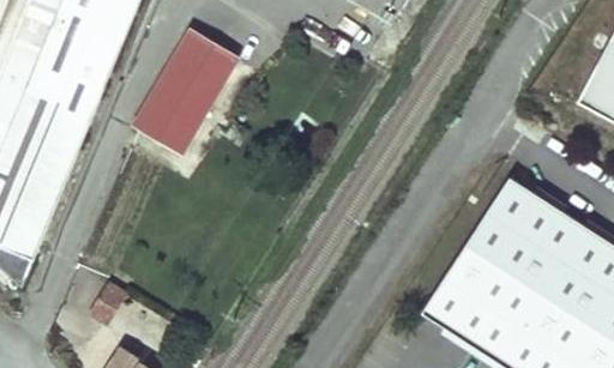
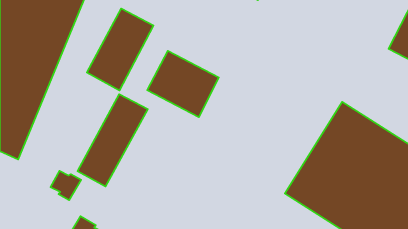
building: none -> [147,51,219,117]
building: none -> [77,94,148,186]

